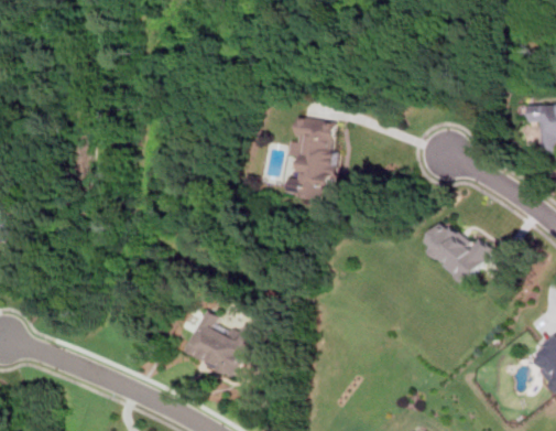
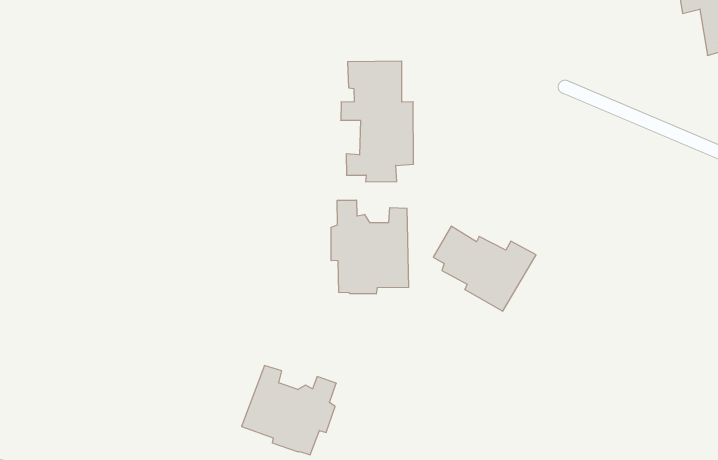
building: none -> [331,200,409,294]
building: [422,223,491,285] -> [433,226,536,311]

